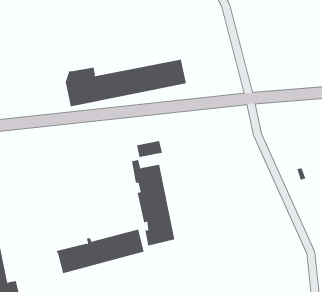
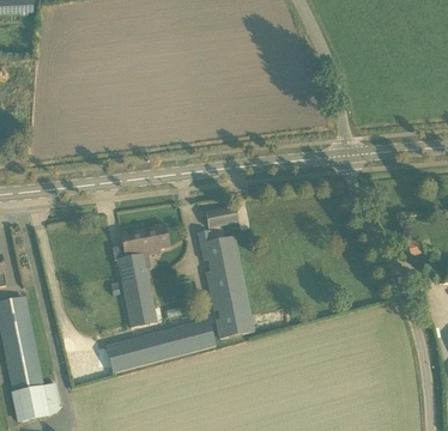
building: [65,59,186,107] -> none
building: none -> [117,224,169,327]

